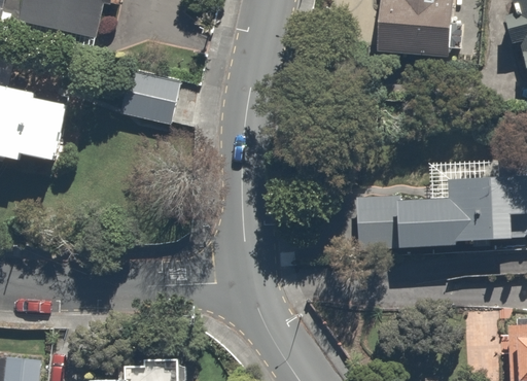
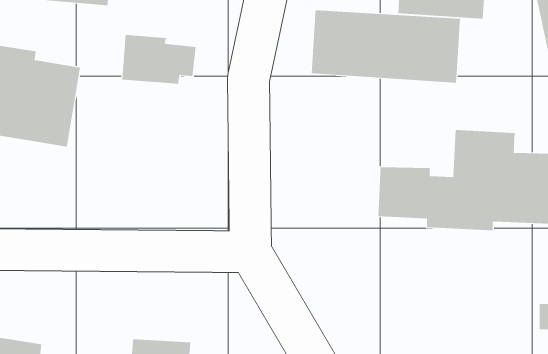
building: none -> [311,9,461,84]

